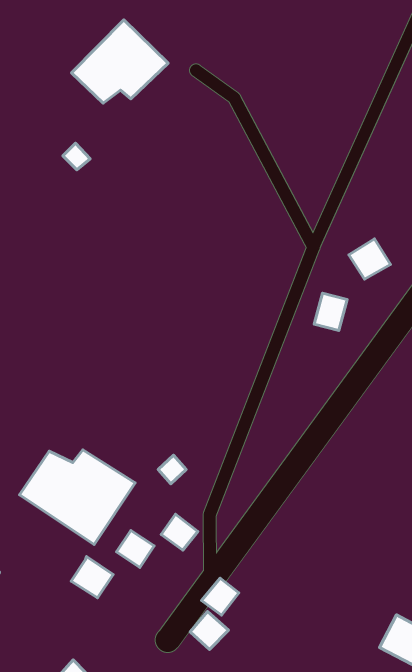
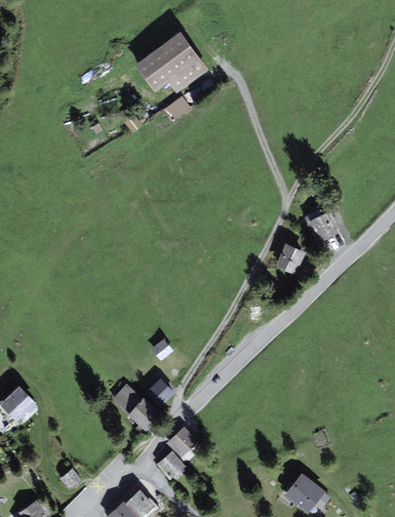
building: [20,450,135,544] -> none
building: [71,556,113,598] -> [129,397,159,427]

